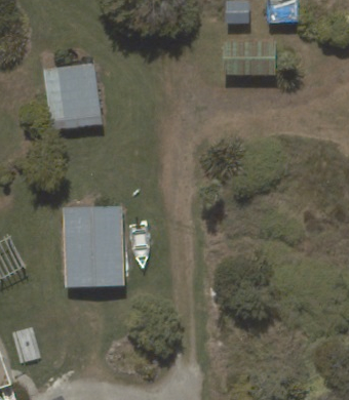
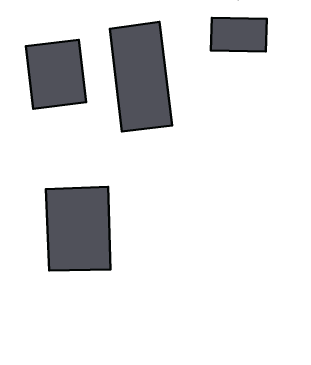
building: none -> [110,22,172,131]

